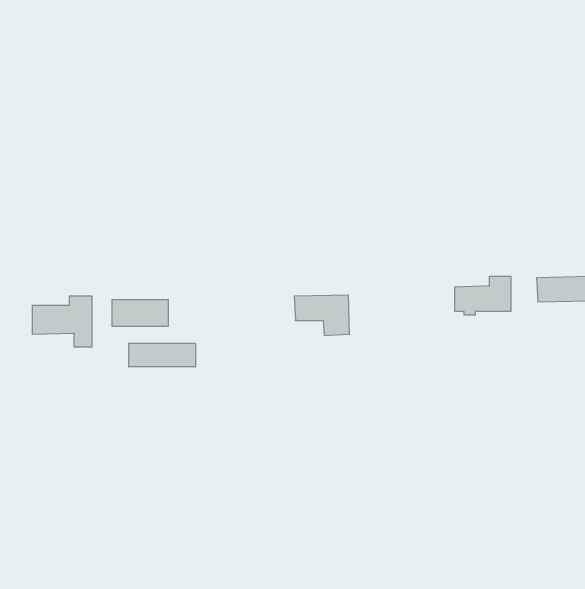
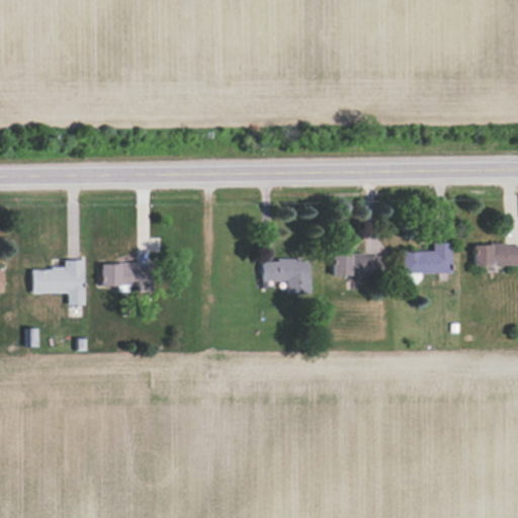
building: none -> [334,253,378,276]
building: [129,343,195,367] -> none

